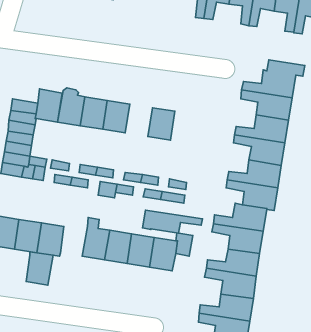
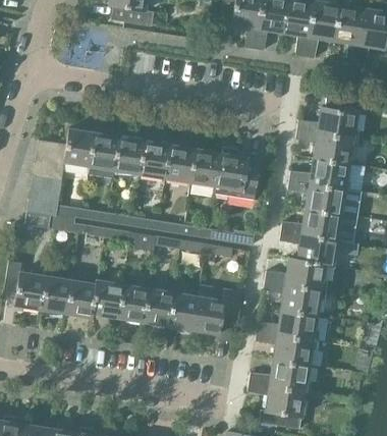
building: none -> [167,147,198,183]
building: none -> [216,149,262,201]
building: [143,210,203,233] -> none
building: [26,252,53,285] -> [94,281,124,319]

